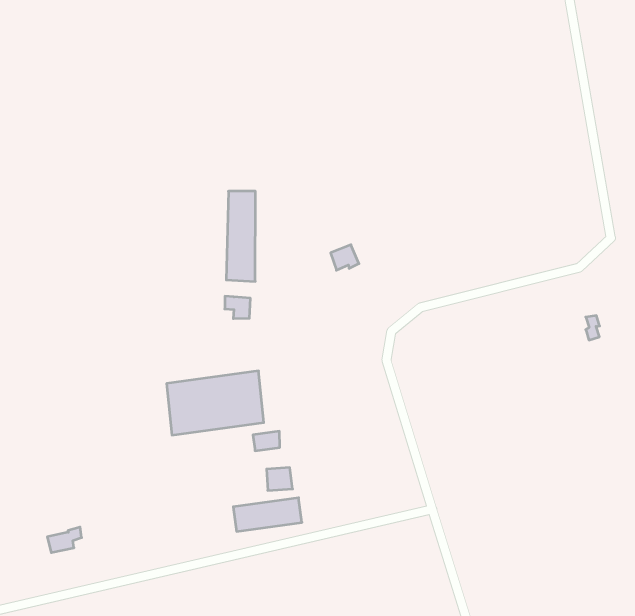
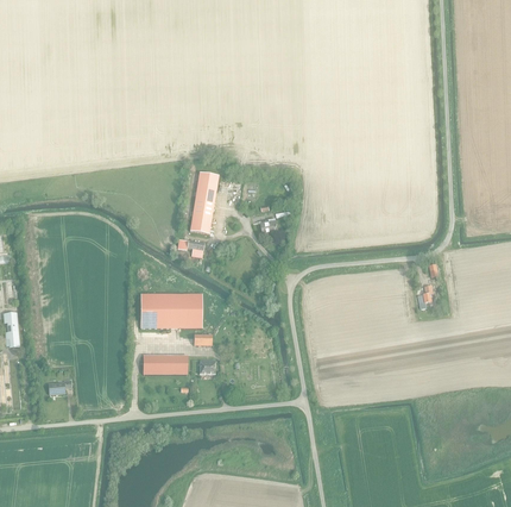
building: [233,498,302,531] -> [141,356,185,373]

